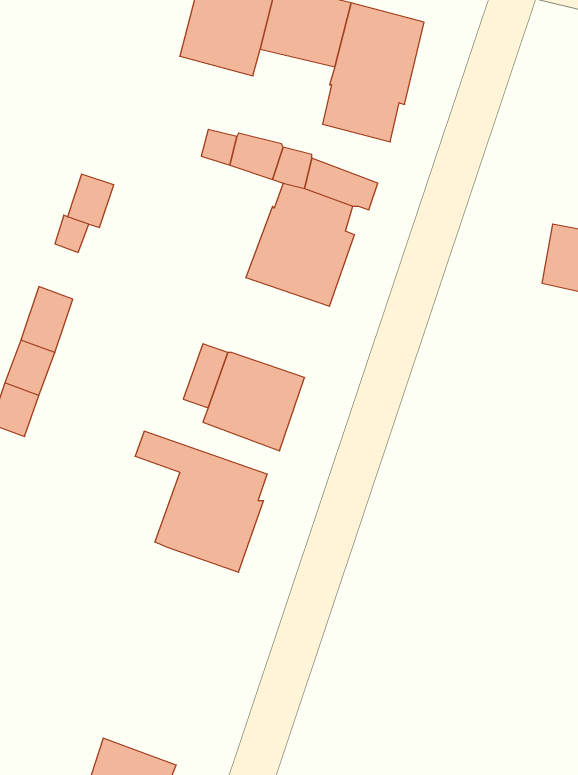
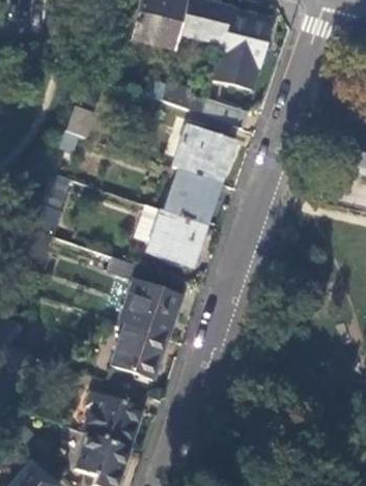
building: none -> [163,169,220,225]
building: none -> [110,323,167,379]
building: none -> [85,396,143,450]

